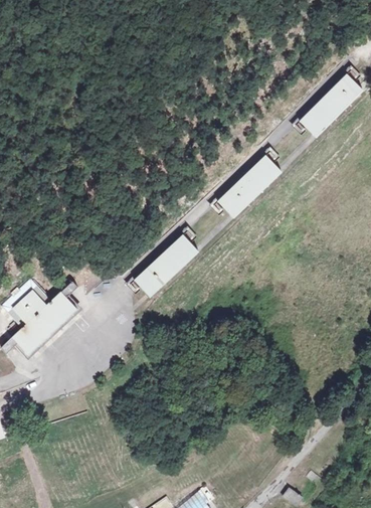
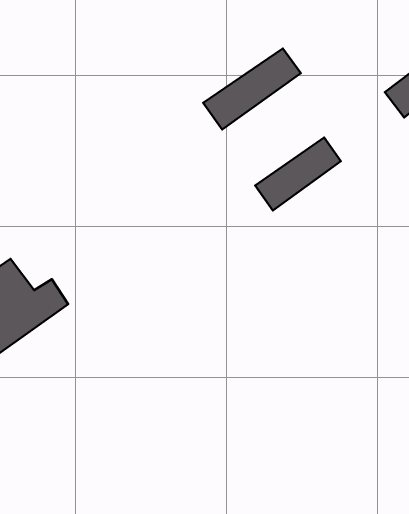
building: none -> [203,48,301,129]
building: [132,235,198,299] -> none

